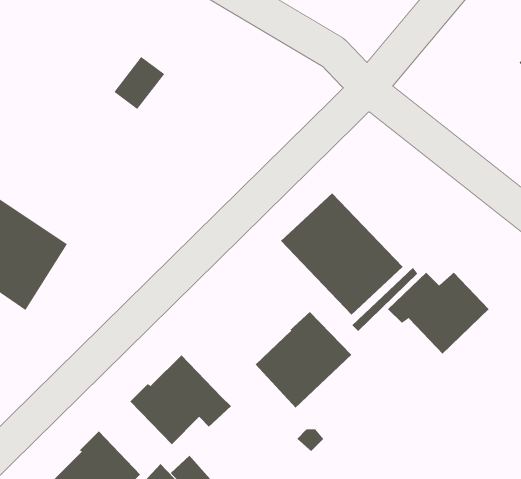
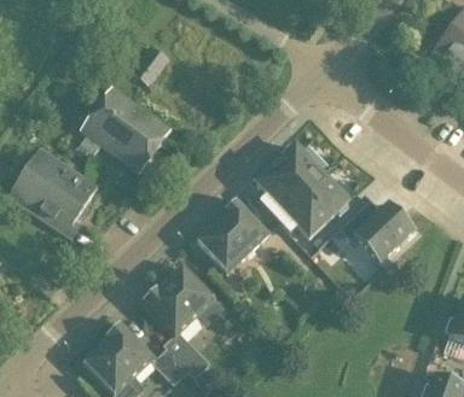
building: none -> [76,86,169,171]
building: [255,311,352,408] -> [196,199,268,272]

